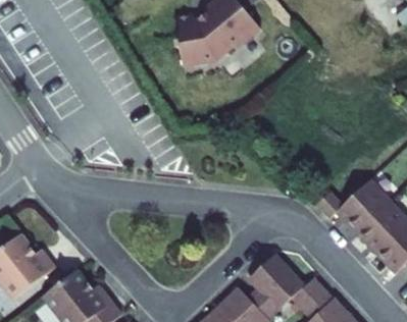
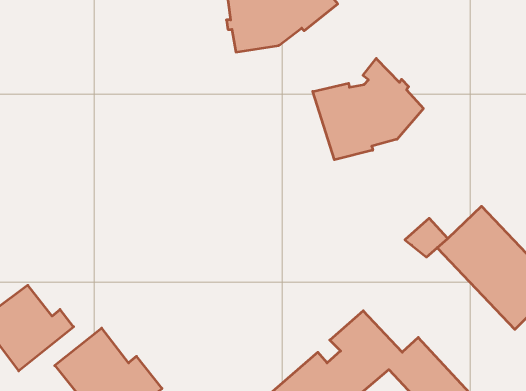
building: none -> [313,58,423,160]

